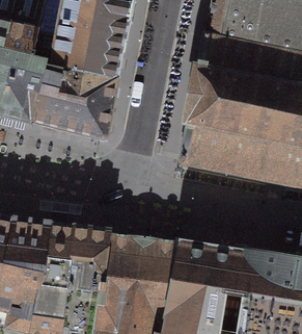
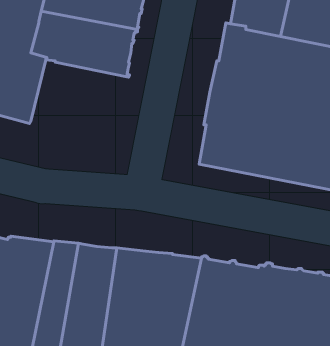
building: [30,66,117,140] -> none

